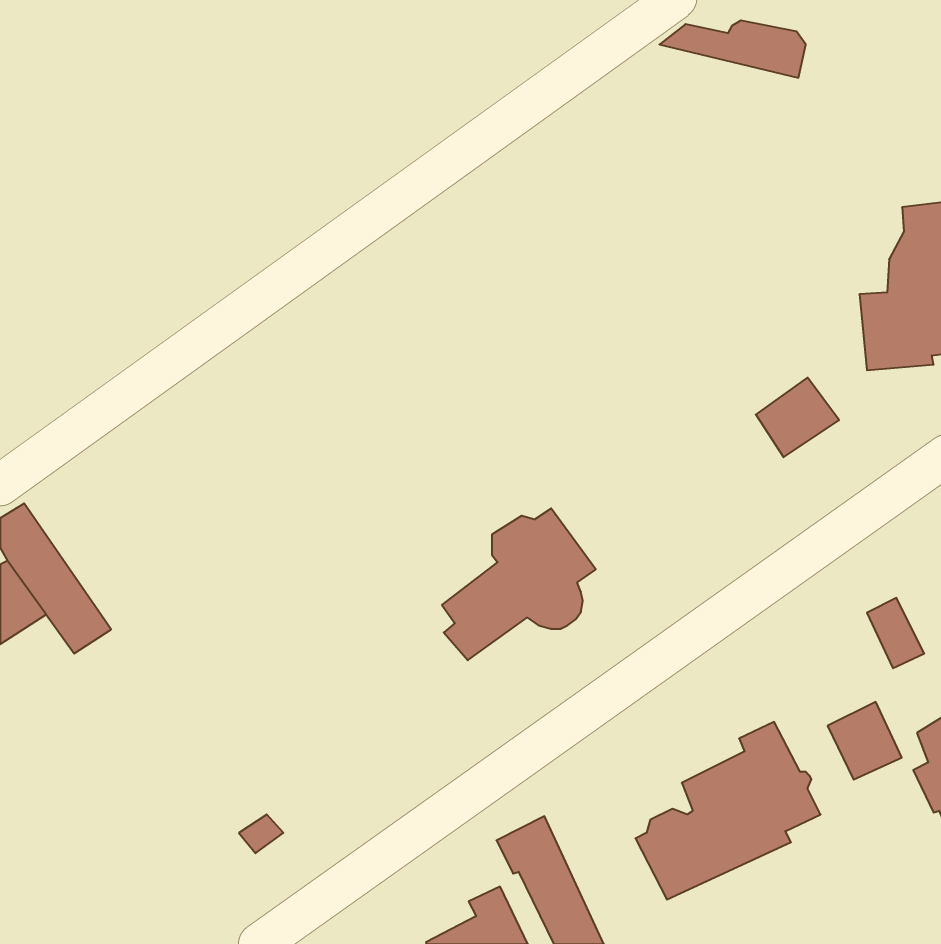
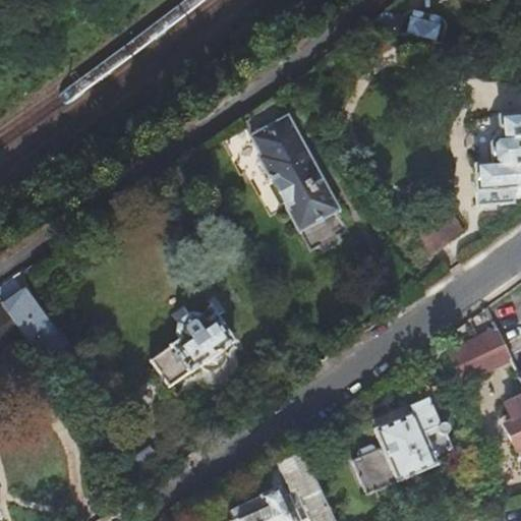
building: none -> [243,94,340,229]
building: [442,508,596,660] -> [151,307,235,391]
building: [828,702,902,780] -> [453,337,494,380]

